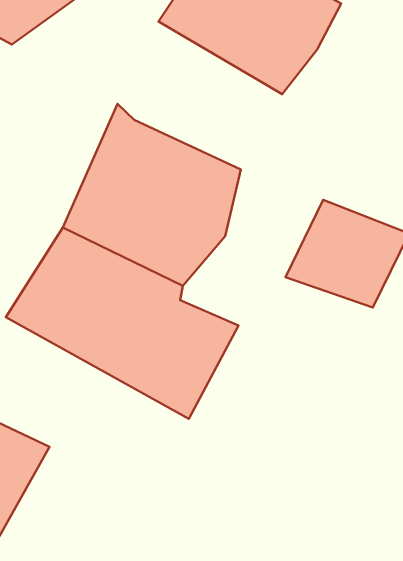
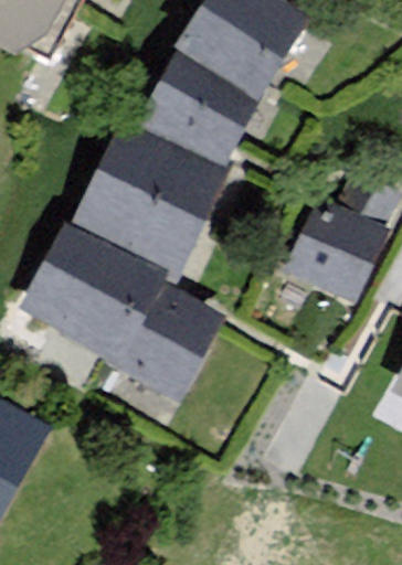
building: none -> [120,38,271,172]

